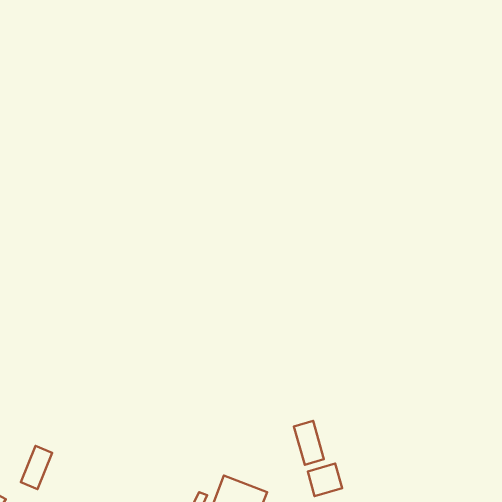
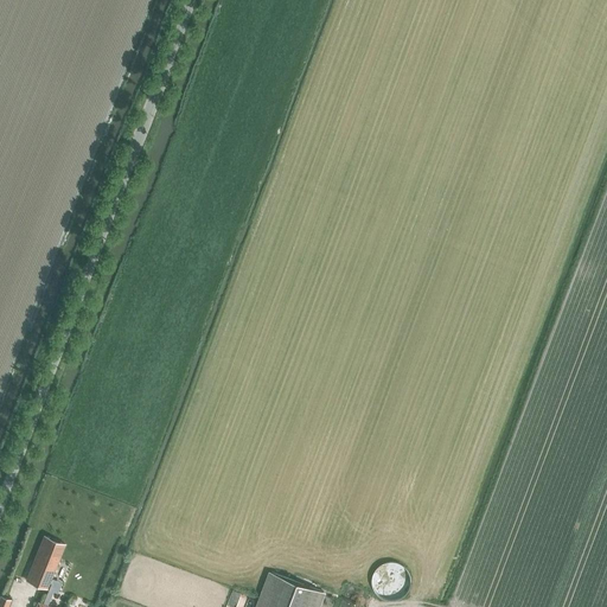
building: [294,421,324,465] -> none

